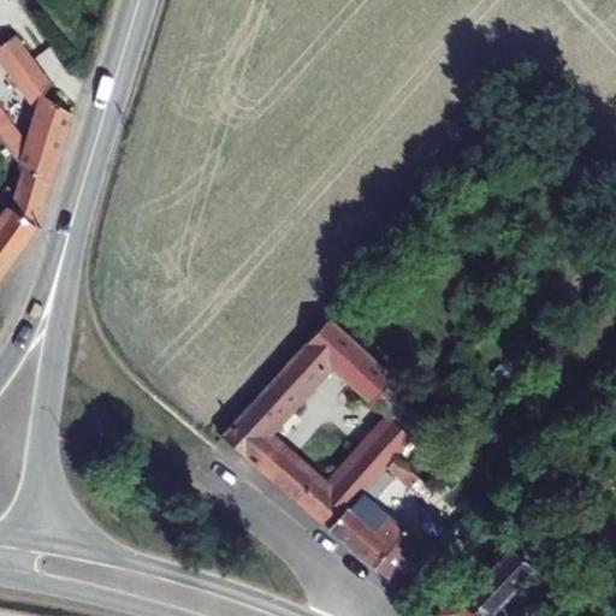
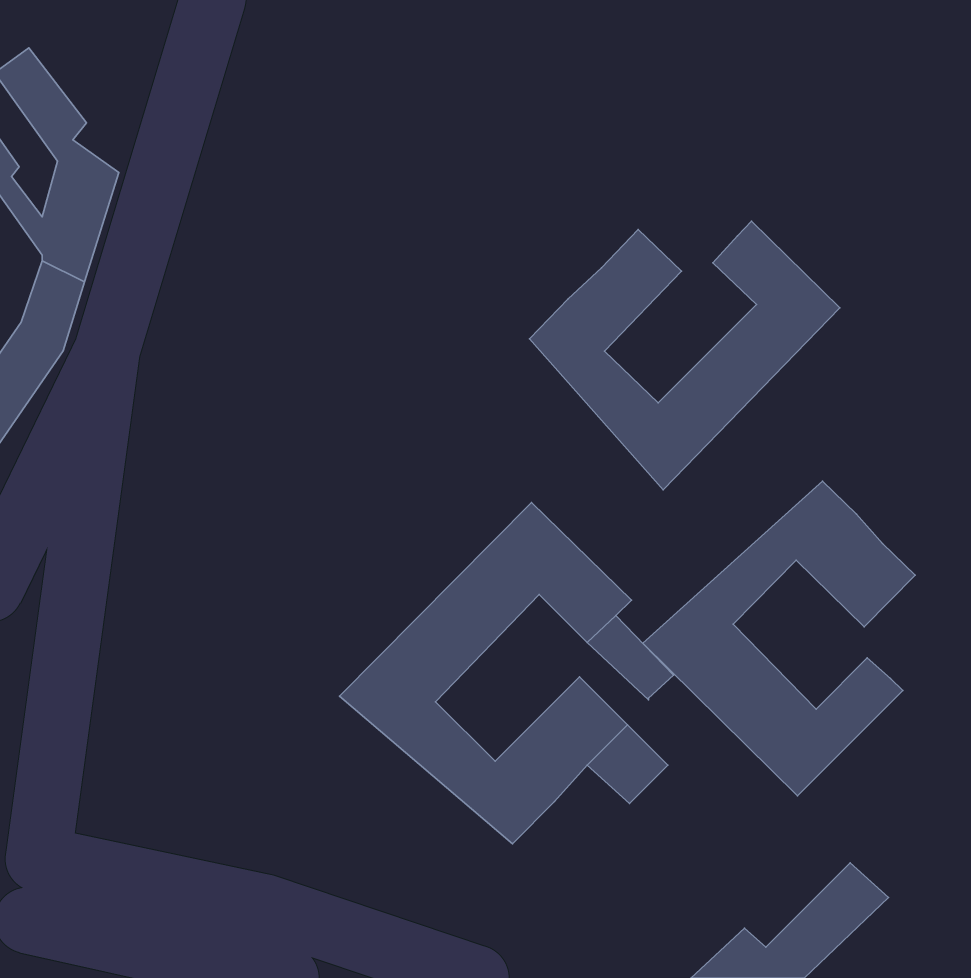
building: none -> [530,221,840,490]
building: none -> [643,481,915,796]
building: [321,503,430,592] -> none

